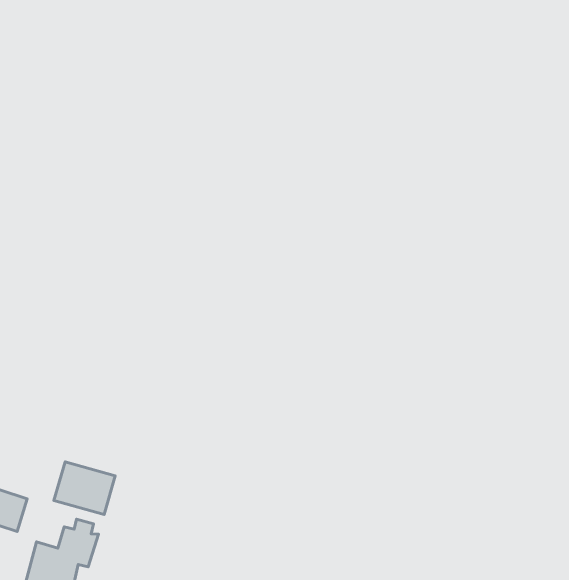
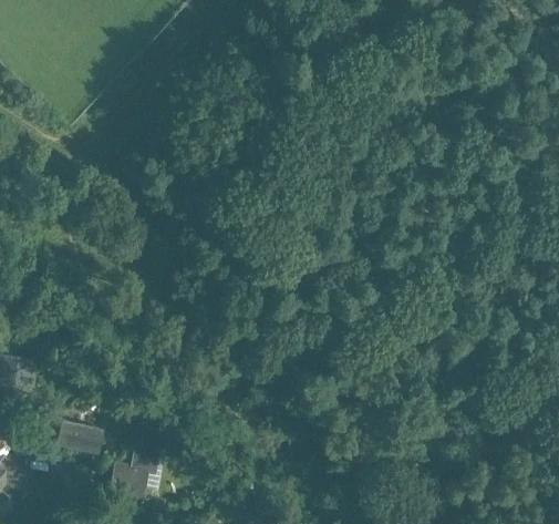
building: [54,462,115,514] -> none

